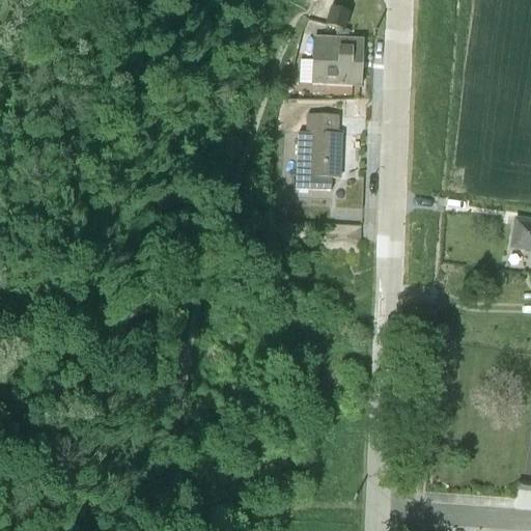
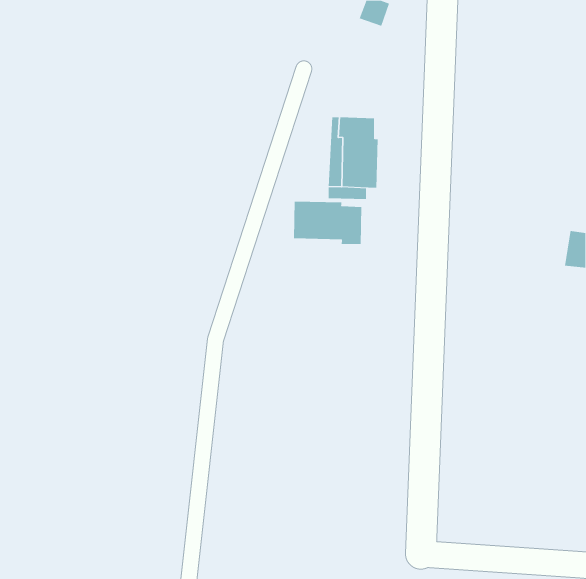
building: [312,33,365,85] -> none
building: none -> [293,201,362,245]

